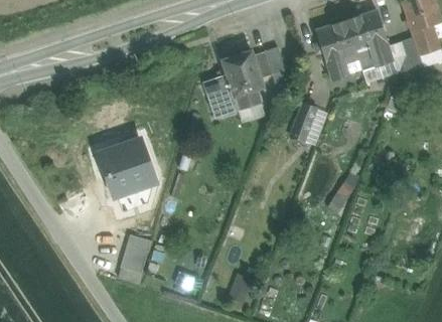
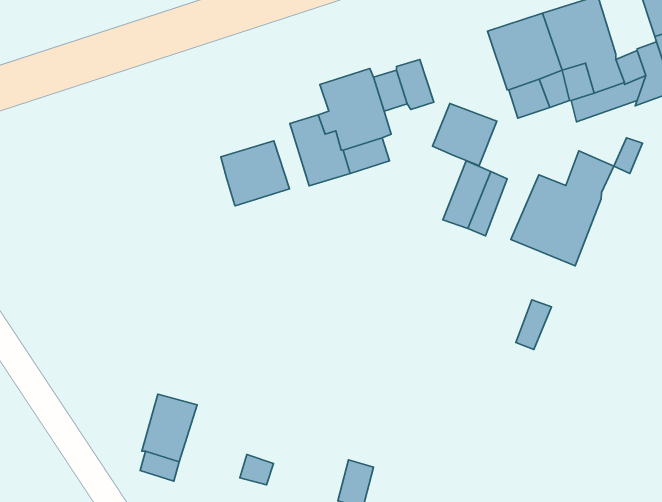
building: none -> [433,103,497,165]
building: none -> [221,141,289,206]
building: none -> [511,151,614,266]
building: [101,142,151,194] -> none

